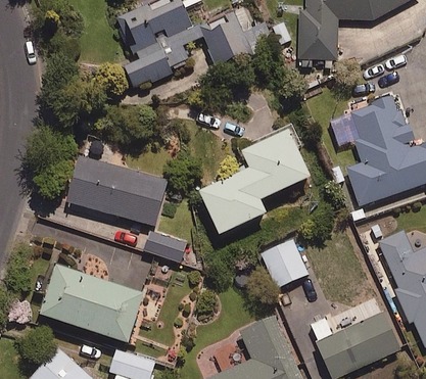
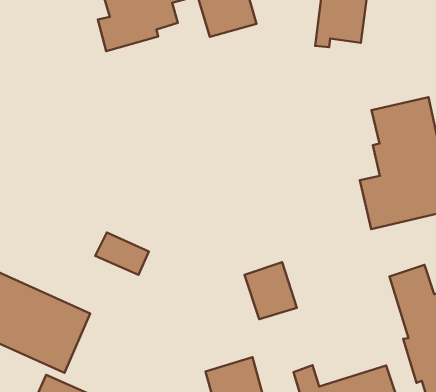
building: [200,130,311,236] -> none
building: [66,155,167,225] -> none

